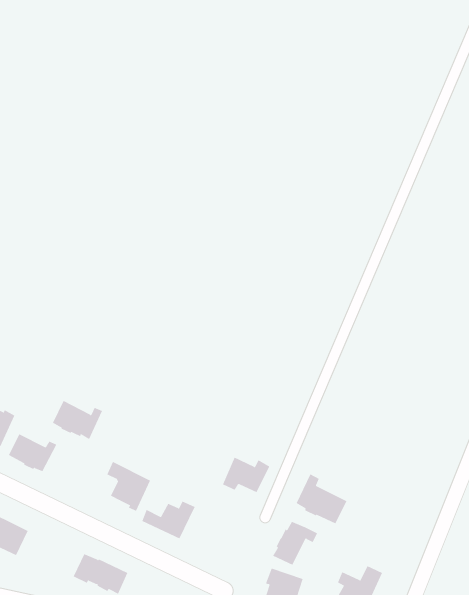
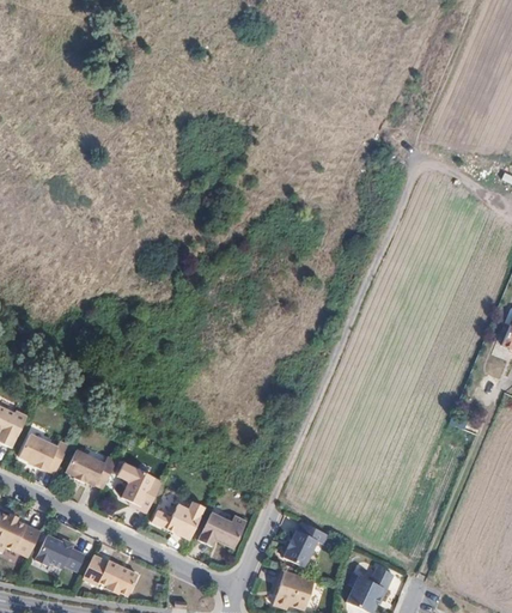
building: [52,400,103,440] -> [66,448,116,487]
building: [222,457,270,493] -> [199,511,246,547]
building: [296,473,347,524] -> none
building: none -> [36,533,86,570]

